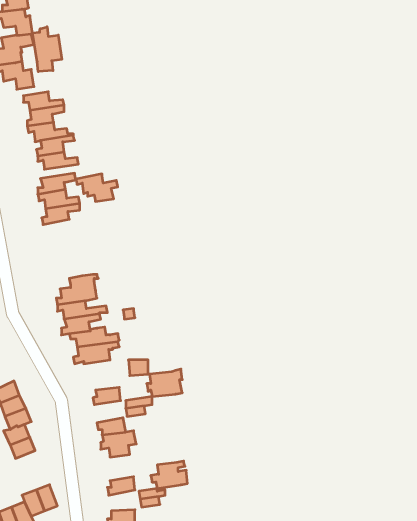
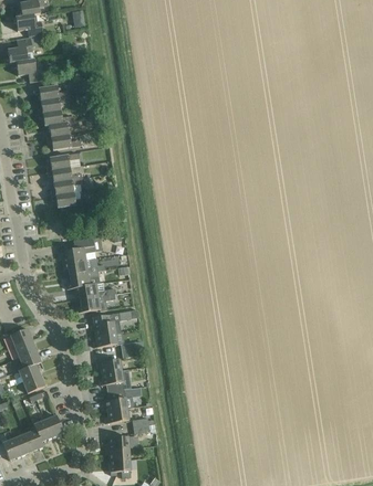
building: [32,27,62,72] -> none
building: [76,174,118,201] -> [51,191,86,214]
building: [147,369,182,397] -> [91,311,121,335]
building: [151,461,187,489] -> [102,388,133,411]

